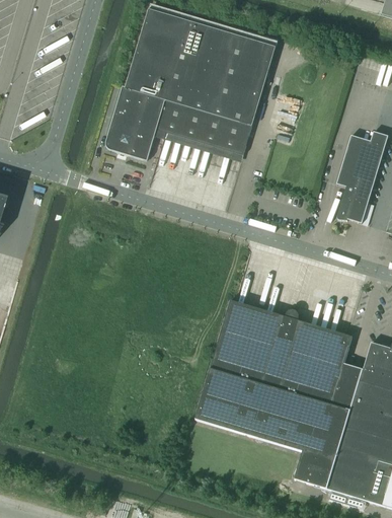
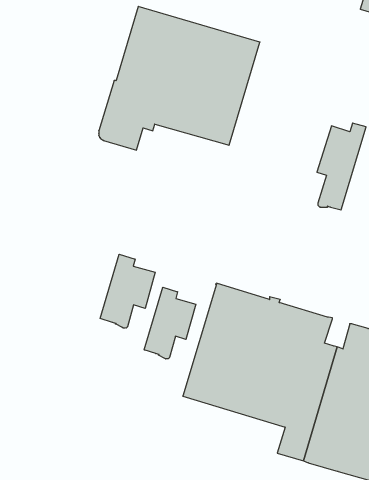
building: none -> [100,254,155,328]
building: none -> [144,287,196,359]

